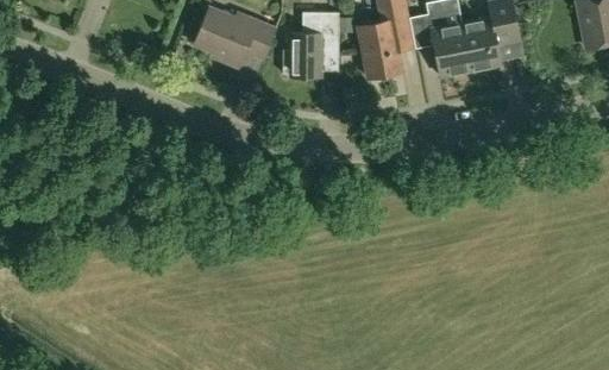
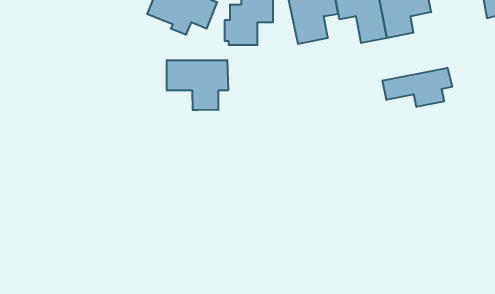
building: none -> [167,60,228,110]
building: none -> [383,68,452,107]

